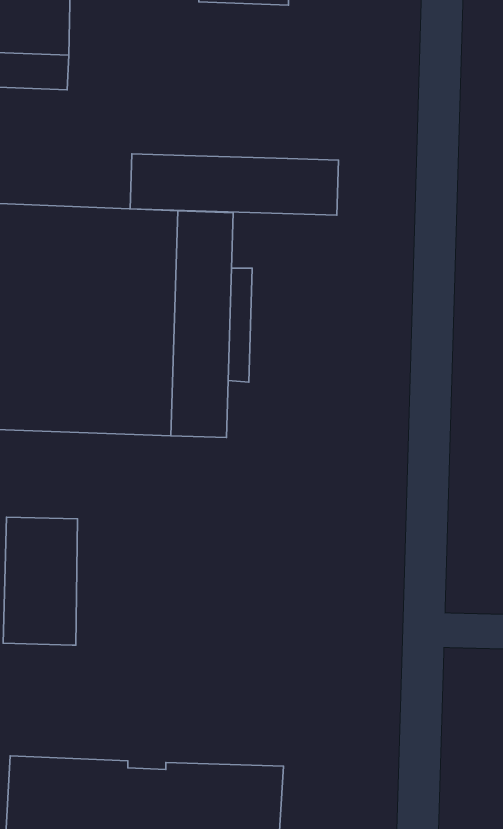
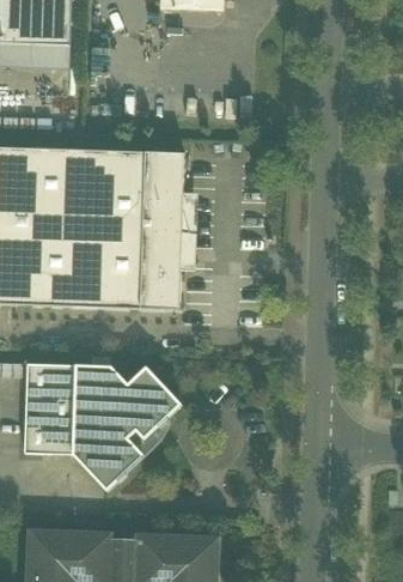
building: [130,154,338,215] -> none
building: none -> [73,365,181,490]

